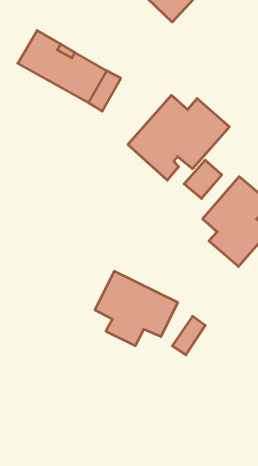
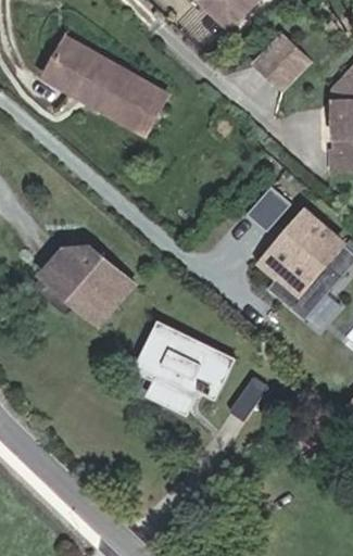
building: none -> [253,36,306,89]
building: [128,95,229,180] -> none
building: none -> [40,248,133,321]

